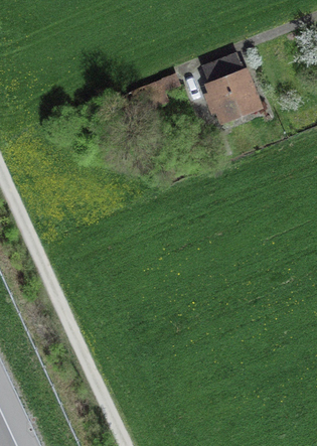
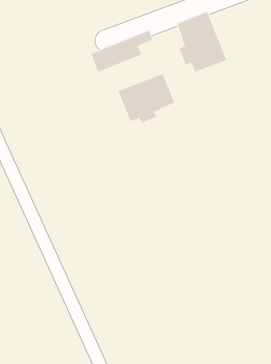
building: none -> [117,73,175,124]

